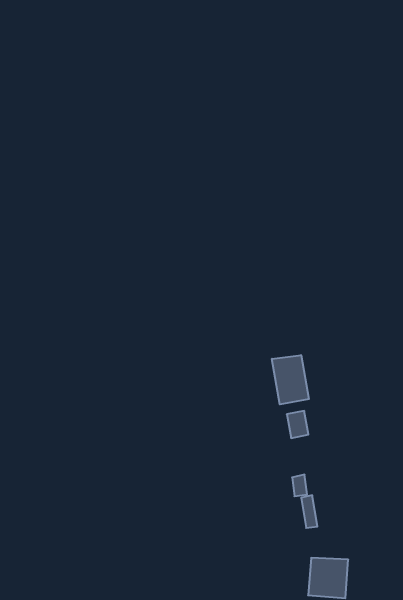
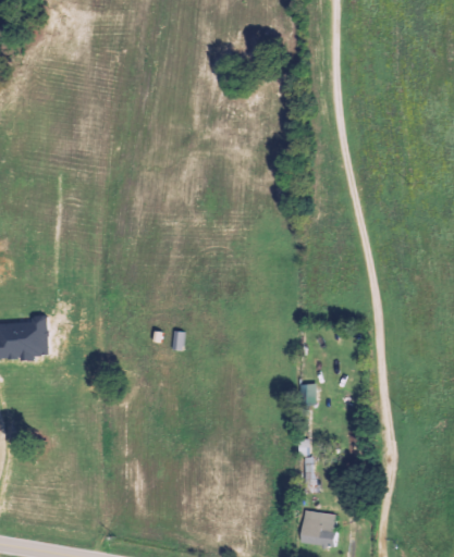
building: [272,355,309,404] -> none

